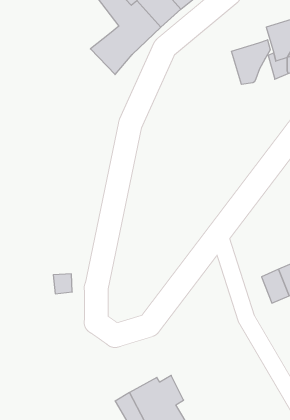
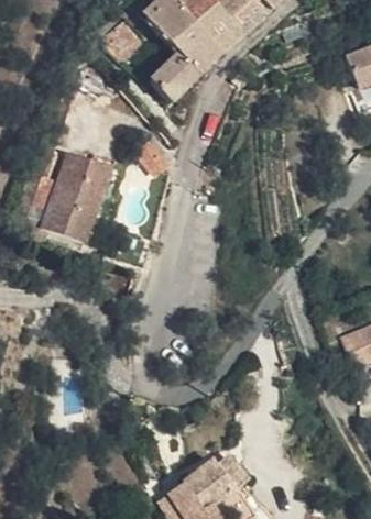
building: [232,40,270,84] -> none
building: none -> [43,145,116,238]

